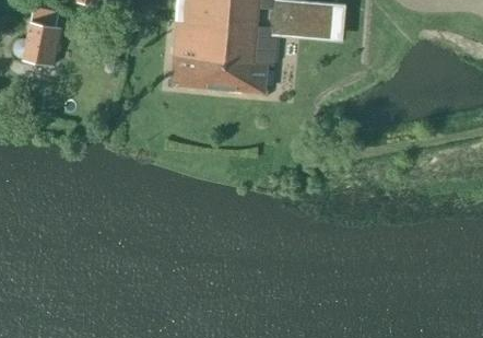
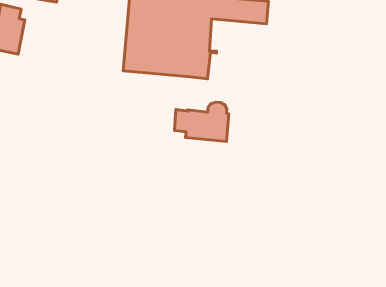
building: none -> [175,102,229,142]

